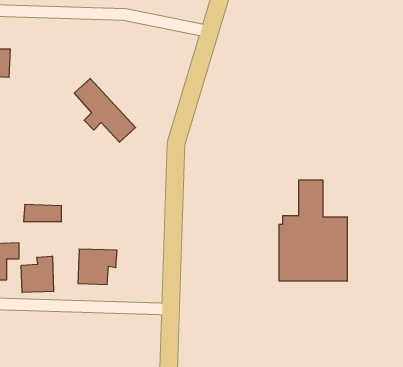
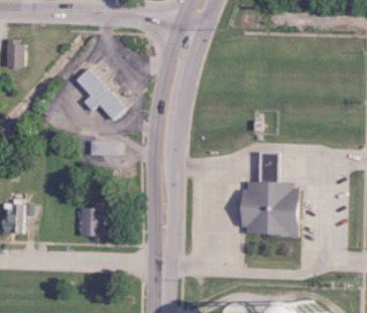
building: [24,204,62,222] -> [88,141,119,155]
building: [21,256,54,293] -> none

